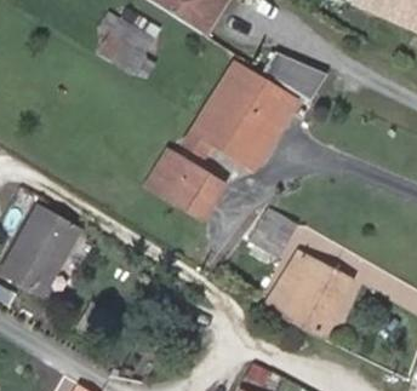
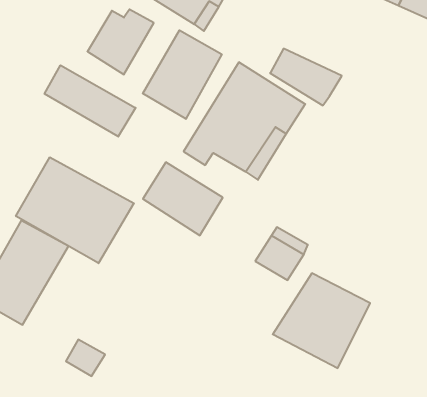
building: none -> [143,30,222,119]
building: none -> [45,65,136,137]
building: none -> [16,157,134,263]

